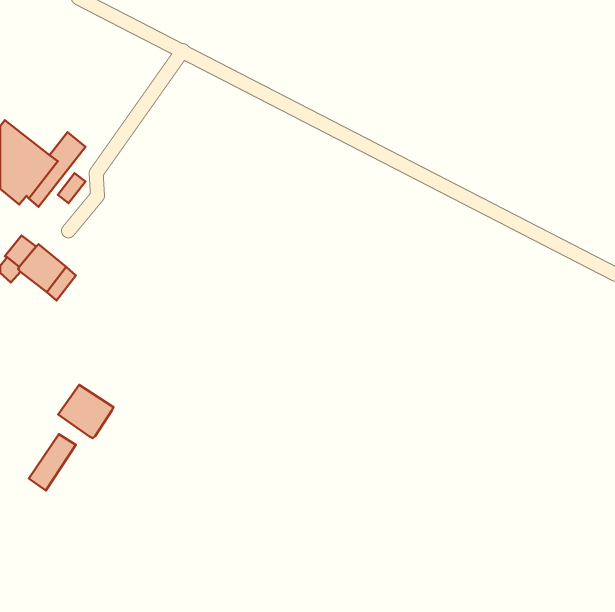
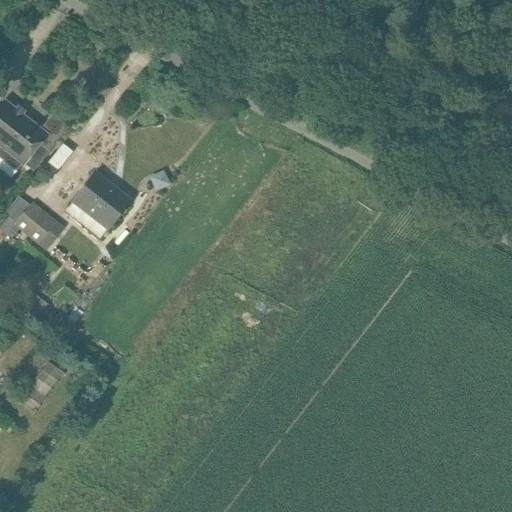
building: none -> [72,173,130,229]
building: [58,385,114,438] -> none

